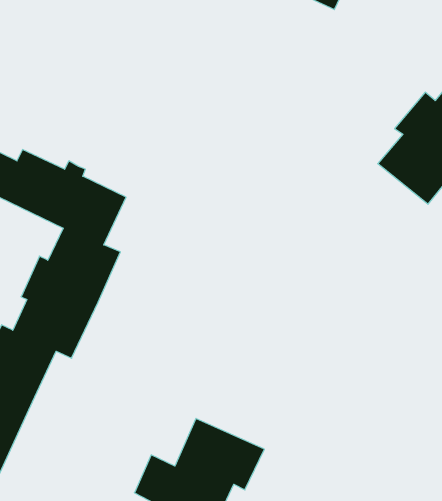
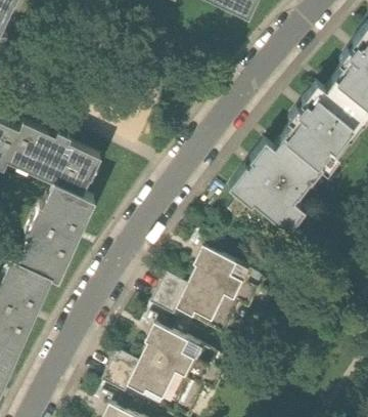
building: none -> [231,137,324,224]
building: none -> [157,248,256,322]

